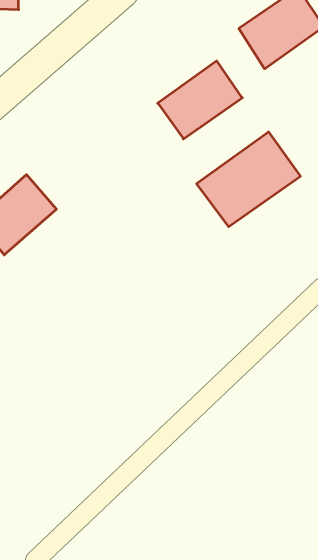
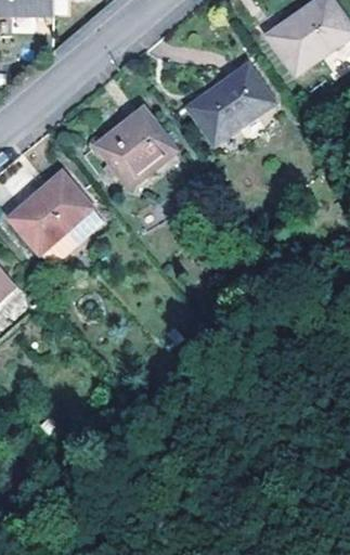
building: none -> [94,108,176,188]
building: [197,132,300,227] -> none

